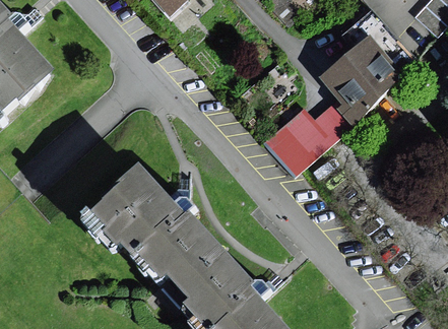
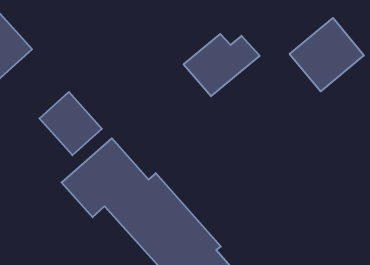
building: [277,101,362,170] -> [184,34,260,96]
building: none -> [39,92,102,155]

